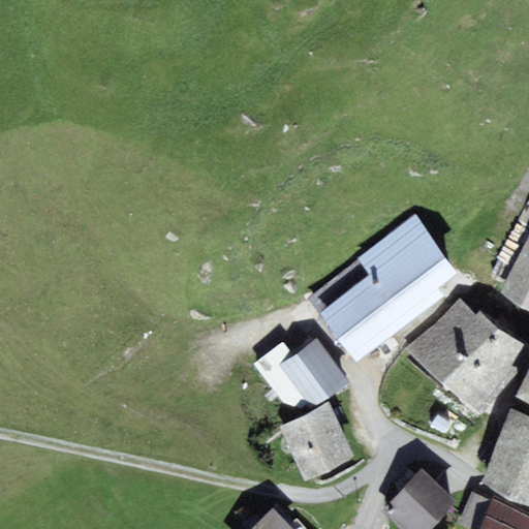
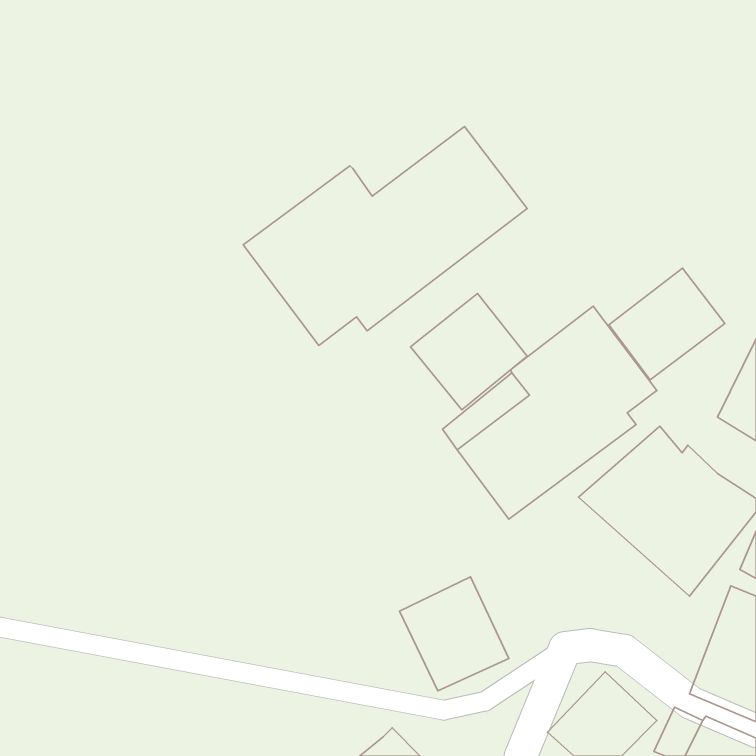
building: none -> [243,127,527,345]
building: none -> [609,268,725,380]
building: none -> [411,293,527,410]
building: [253,338,349,409] -> none

